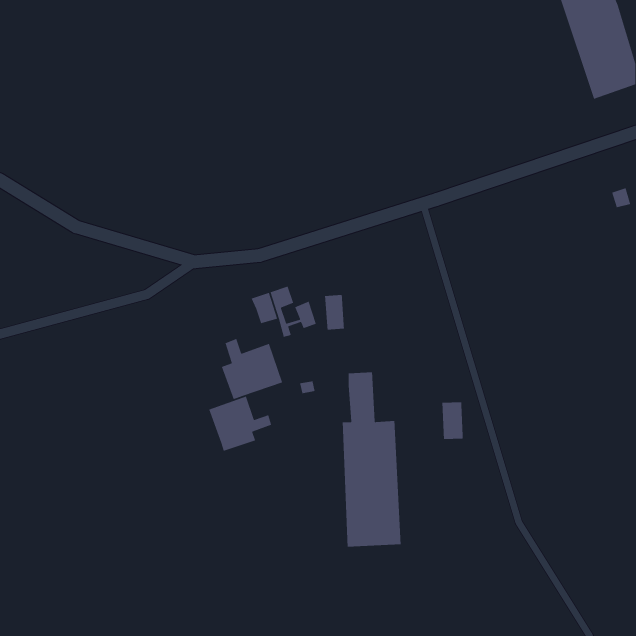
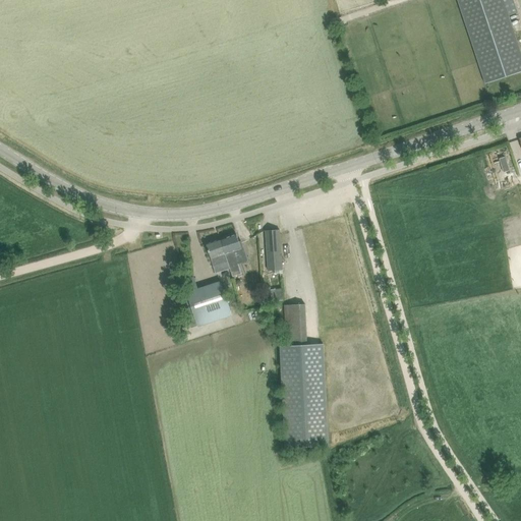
building: [442,389,464,451] -> none
building: [208,396,272,452] -> none

